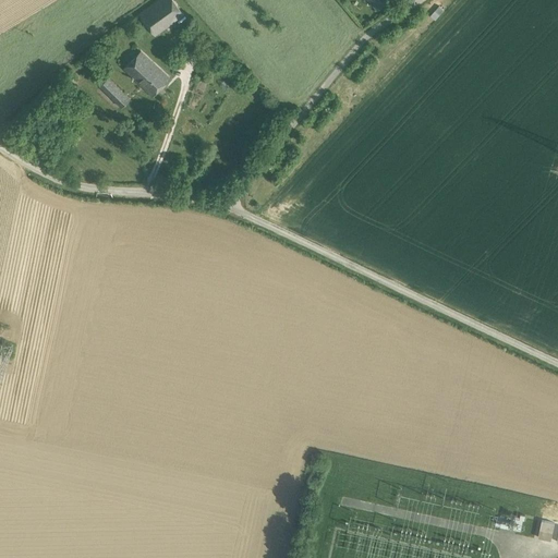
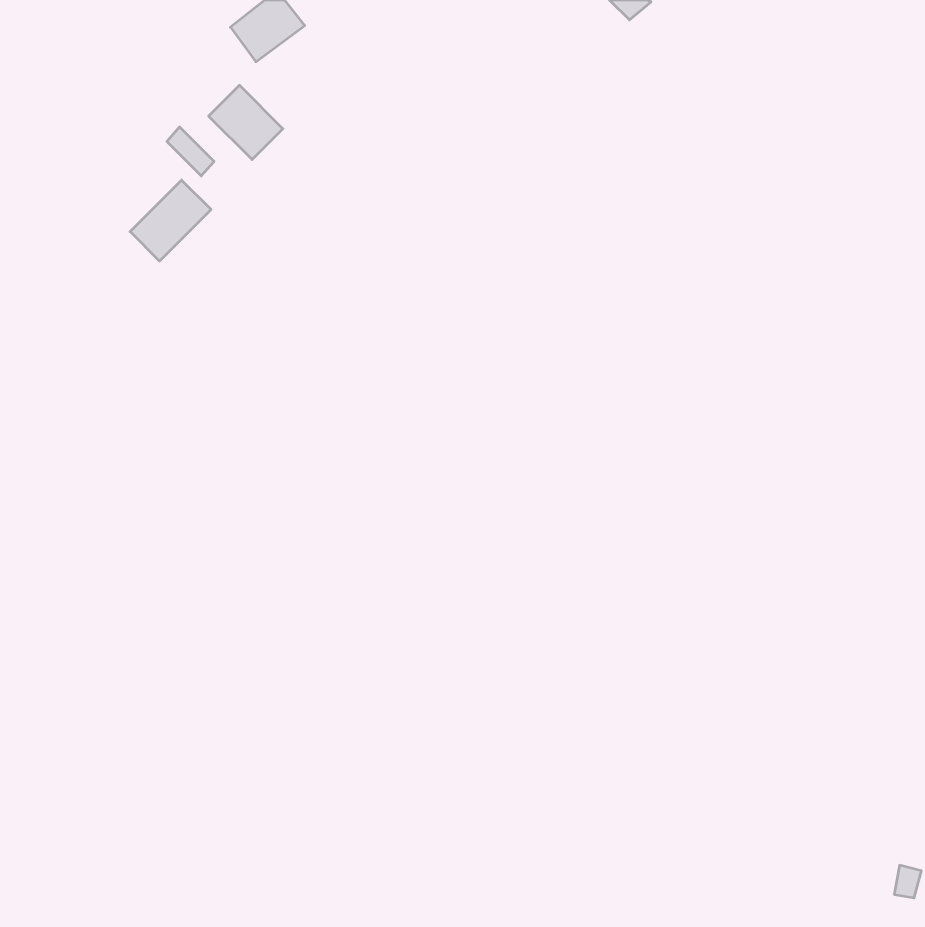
building: none -> [130,180,211,261]

